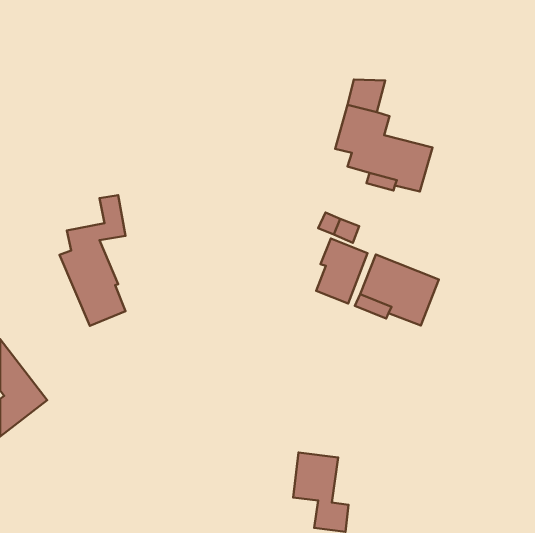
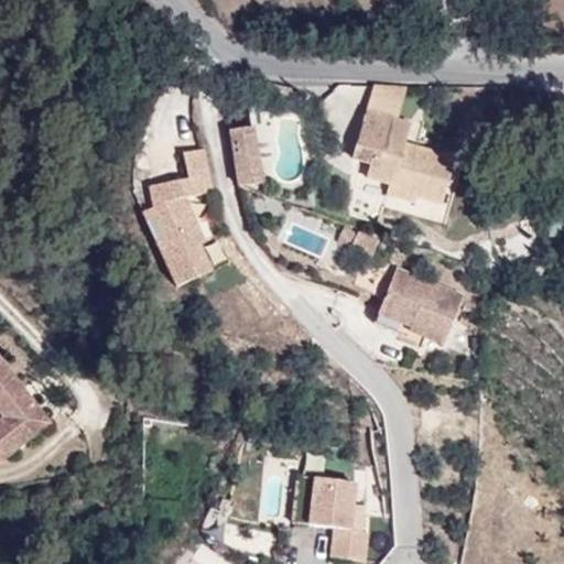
building: none -> [231,126,262,184]
building: [60,195,126,326] -> [142,148,212,285]
building: [316,239,368,303] -> none

